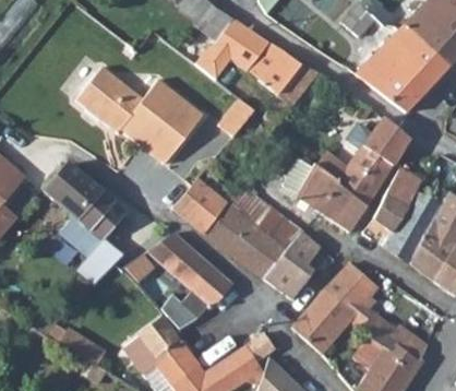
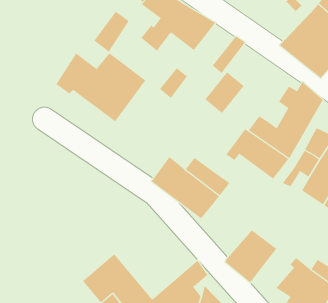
building: [256,47,303,97] -> [205,71,244,114]
building: [74,70,117,119] -> [93,11,129,53]
building: [46,166,125,285] -> none
building: [173,179,227,234] -> none
building: [148,234,230,317] -> none
building: [265,236,334,300] -> none
building: [324,262,377,313] -> none

